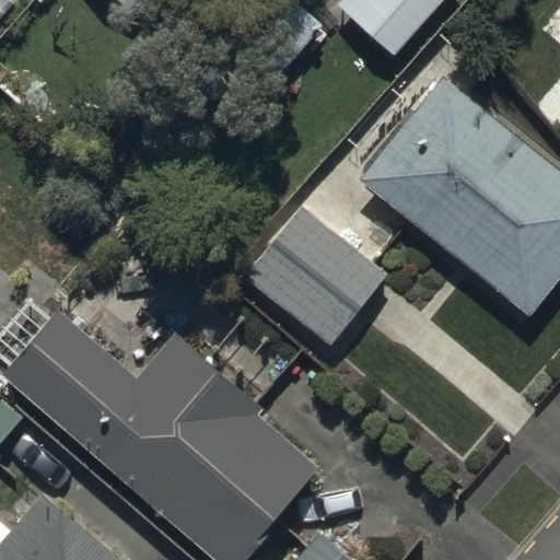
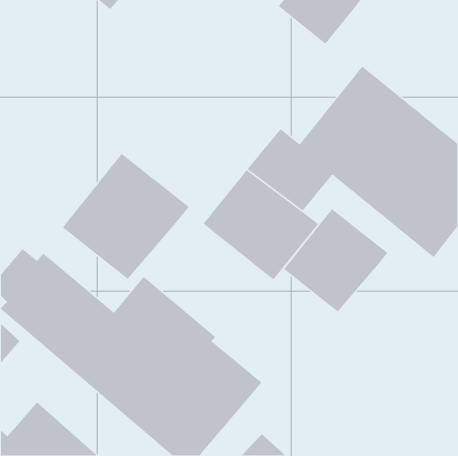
building: none -> [62,153,190,280]
building: none -> [283,208,389,312]

